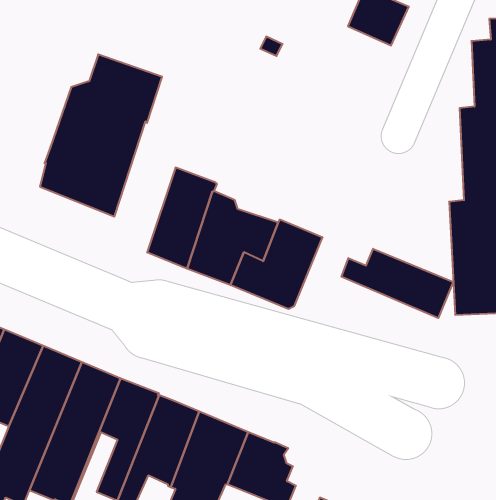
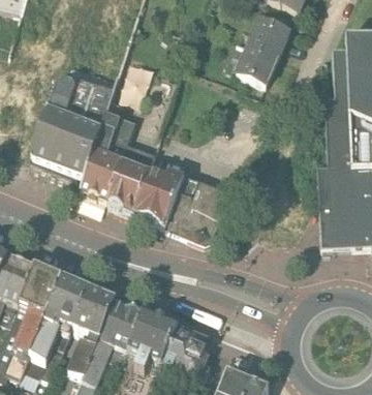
building: none -> [235,40,276,80]
building: none -> [80,107,126,198]
building: [341,249,453,318] -> none

